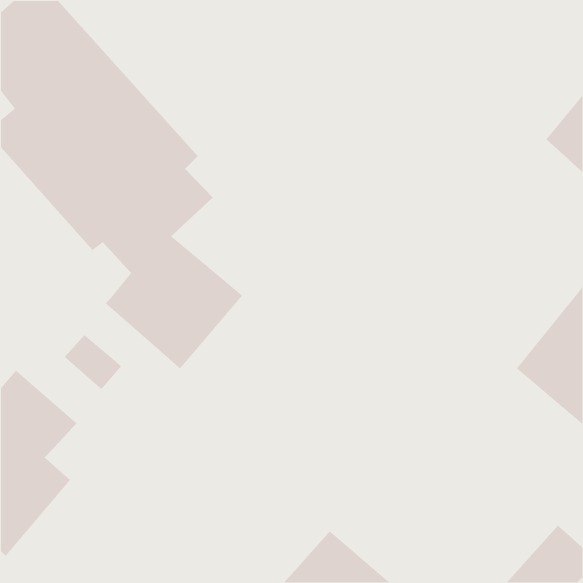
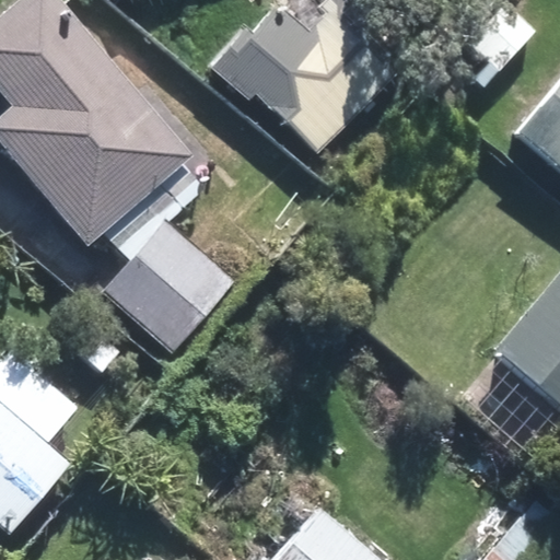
building: none -> [210,7,389,151]

